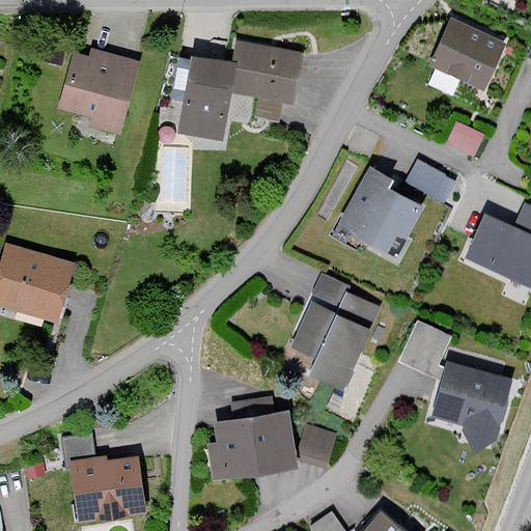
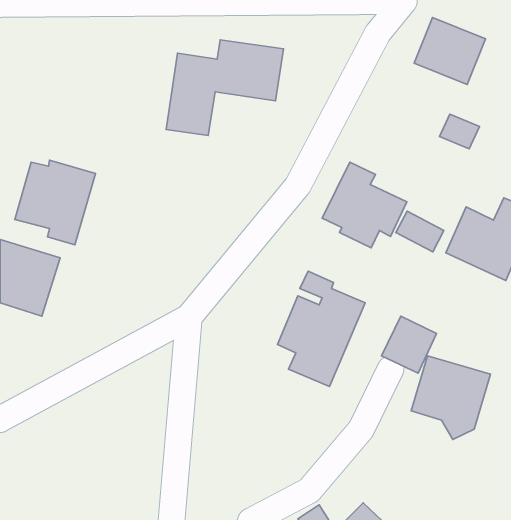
building: [59,50,141,136] -> [15,160,95,245]
building: [411,164,459,205] -> [396,211,444,252]
building: [207,397,295,479] -> none
building: [302,429,337,468] -> none
building: [68,439,144,522] -> none

